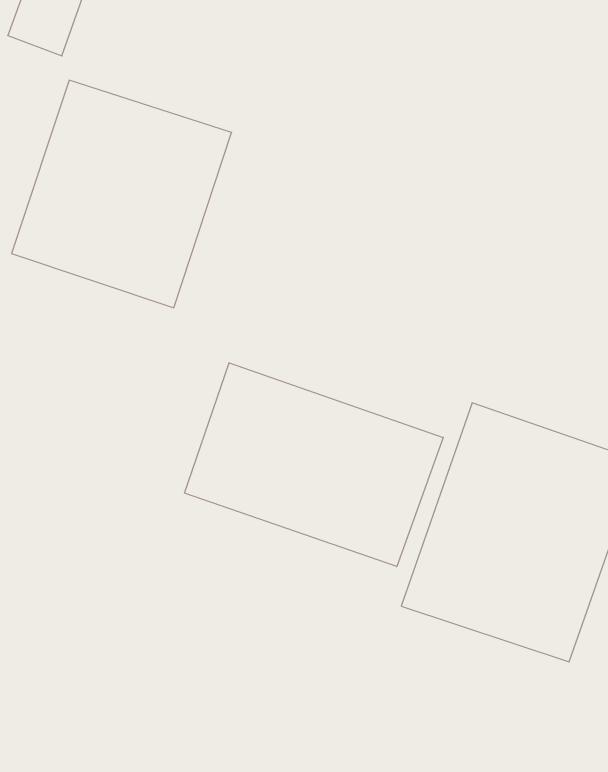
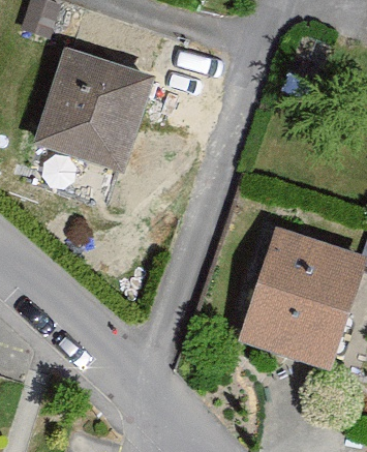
building: [184,363,443,567] -> none

